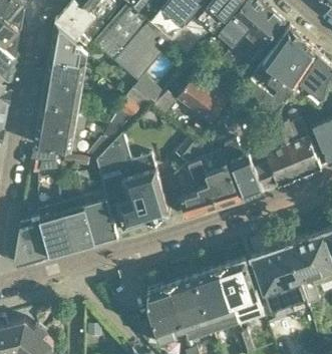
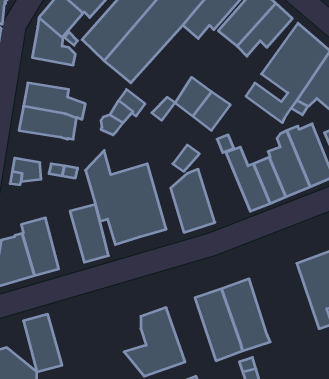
building: [44,58,85,87] -> none
building: [33,124,80,153] -> none
building: [199,149,242,208] -> none
building: [60,198,95,250] -> [23,314,62,372]
building: [250,245,307,314] -> none
building: [170,276,215,341] -> none

